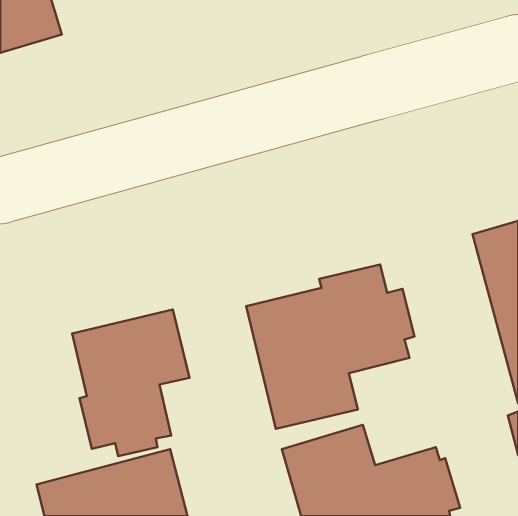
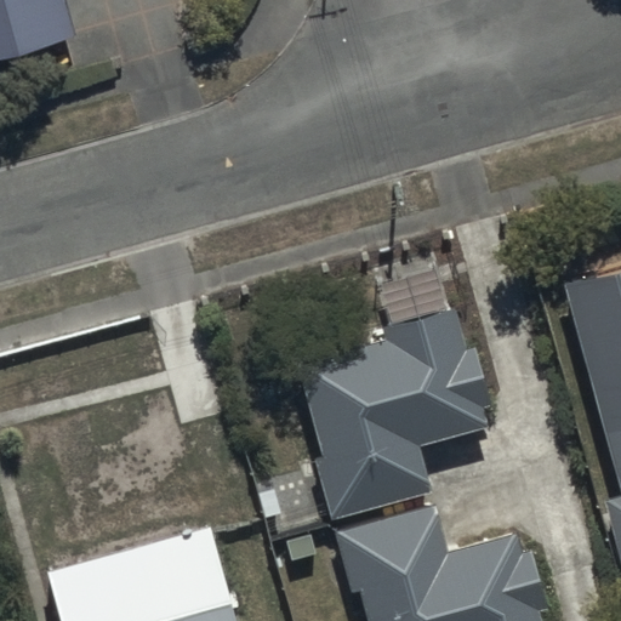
building: [72,309,190,456] -> none

